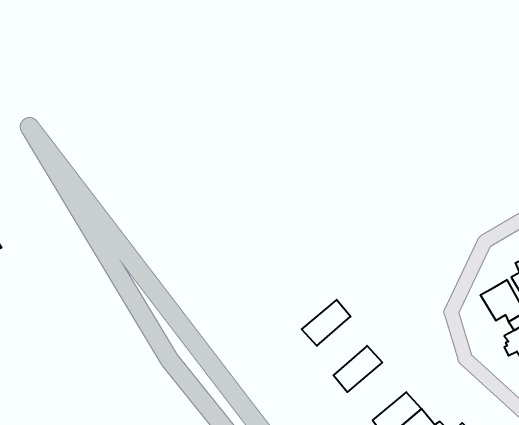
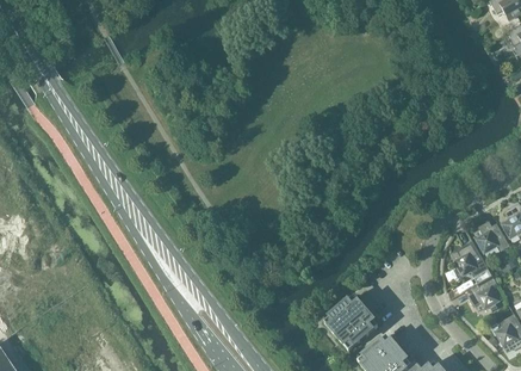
building: [302,300,351,346] -> [336,310,378,350]

